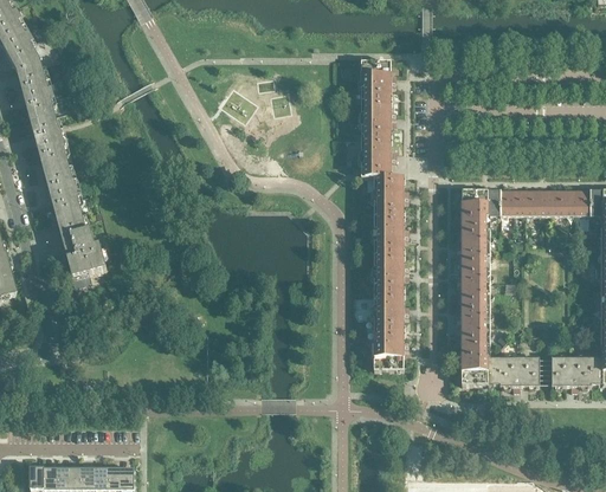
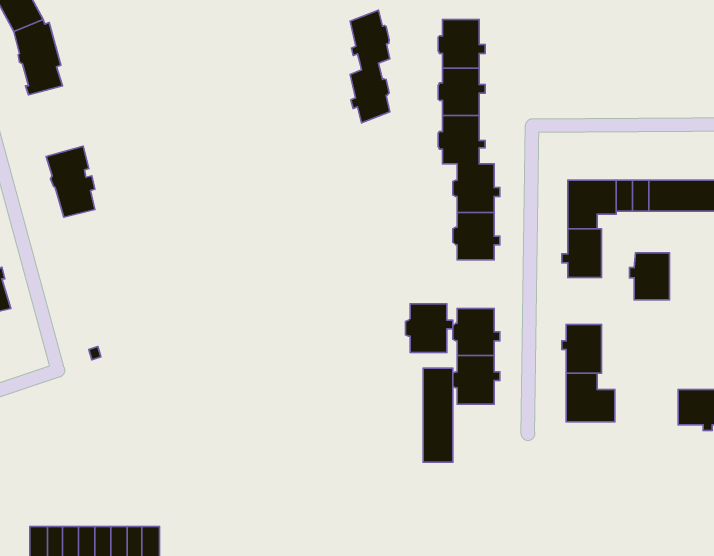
building: none -> [350,10,390,123]
building: [28,114,72,170] -> none
building: [57,212,107,277] -> none
building: [369,253,407,292] -> [406,304,453,352]
building: [457,267,489,305] -> [630,253,669,300]
building: none -> [423,368,453,462]
building: [499,357,539,390] -> none

